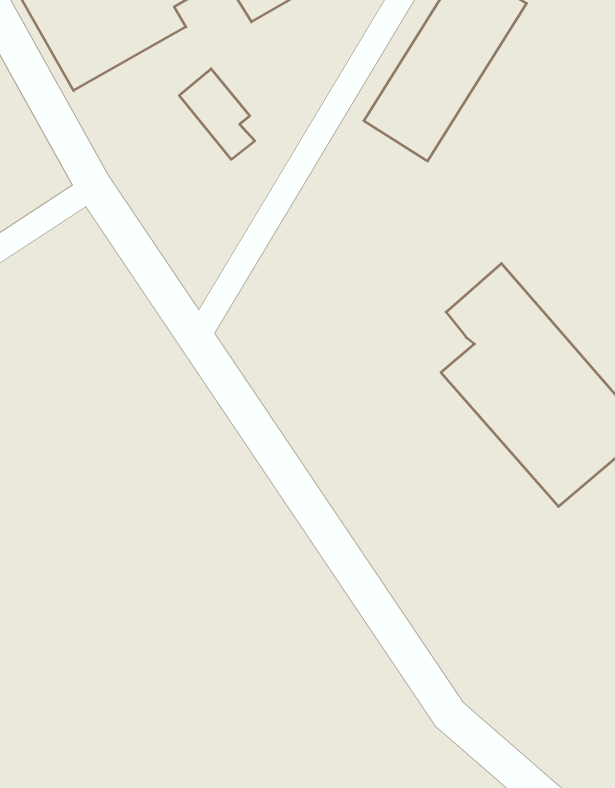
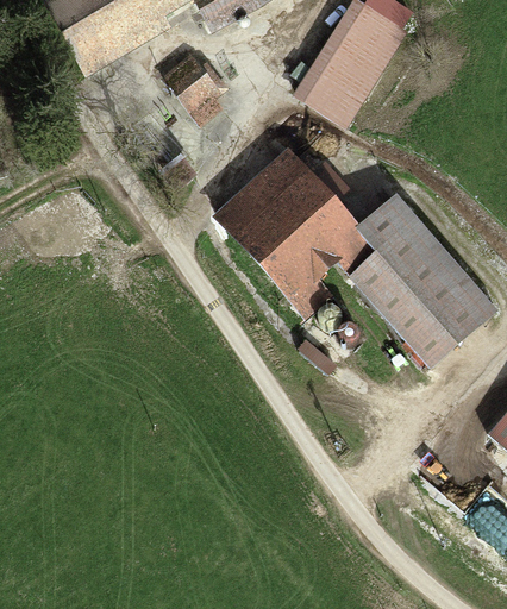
building: none -> [215,149,369,306]

